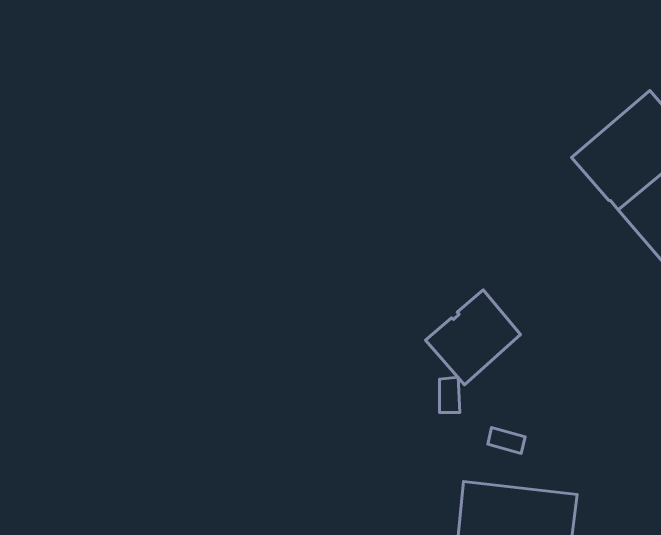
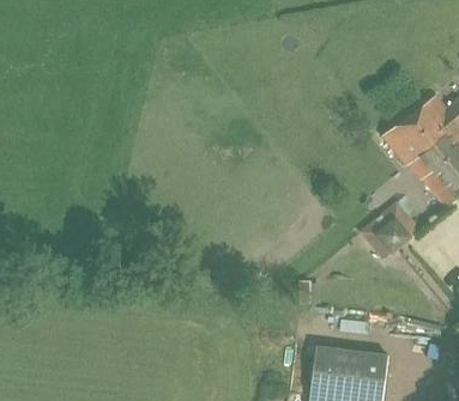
building: [426,290,520,385] -> [358,201,419,262]

